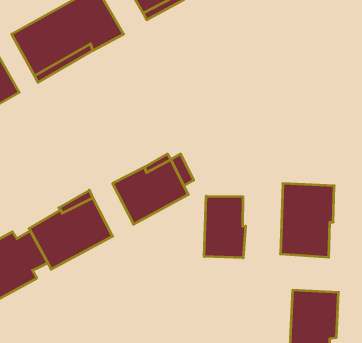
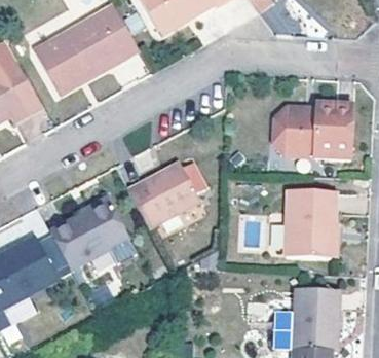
building: none -> [273,102,354,157]
building: [204,196,246,258] -> none

